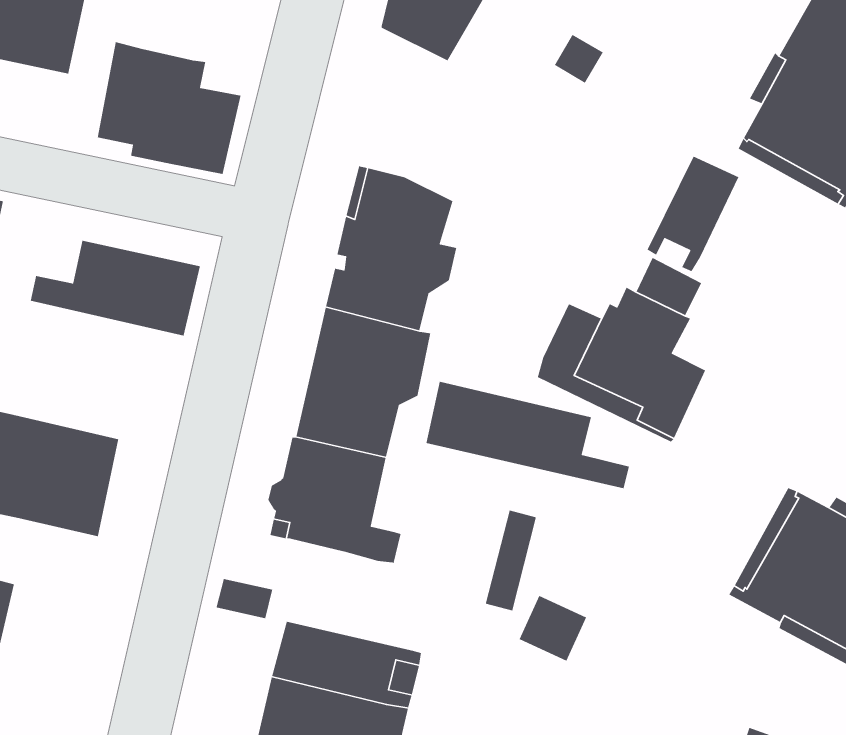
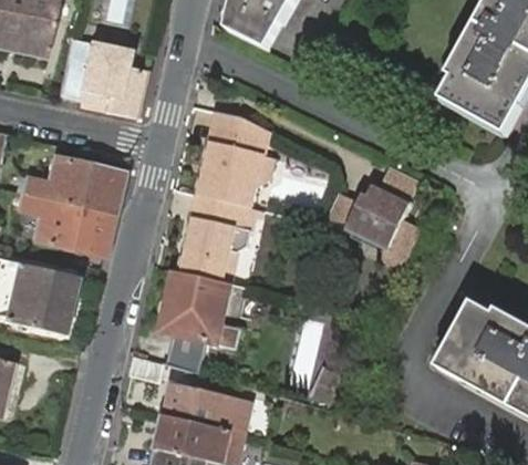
building: [647,156,740,272] -> none
building: none -> [17,192,112,254]
building: [425,381,630,489] -> none
building: none -> [167,333,207,373]

